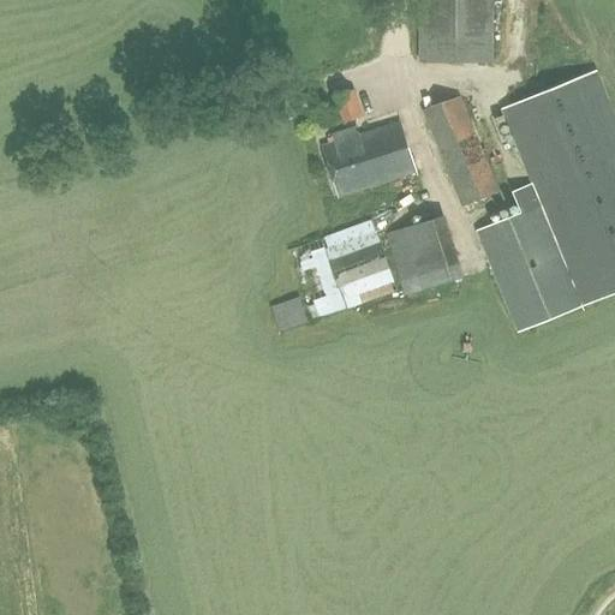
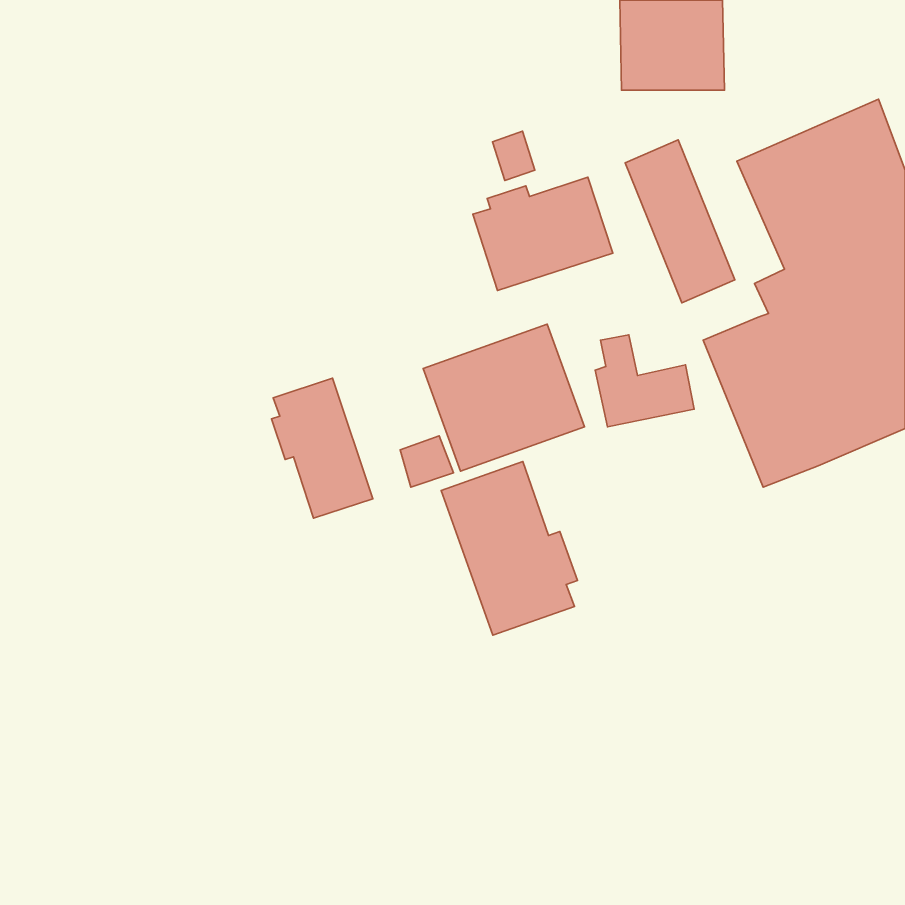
building: none -> [271,378,373,518]
building: none -> [441,462,578,635]

